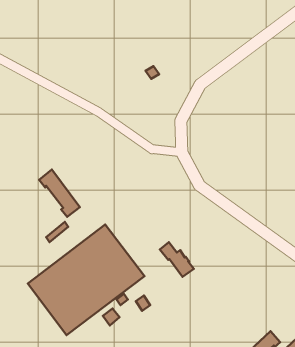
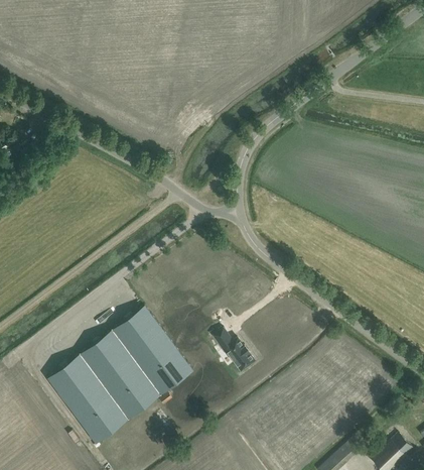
building: [39,169,80,217] -> none

